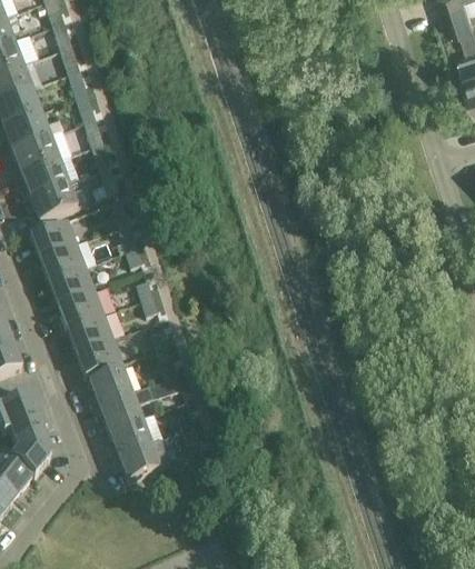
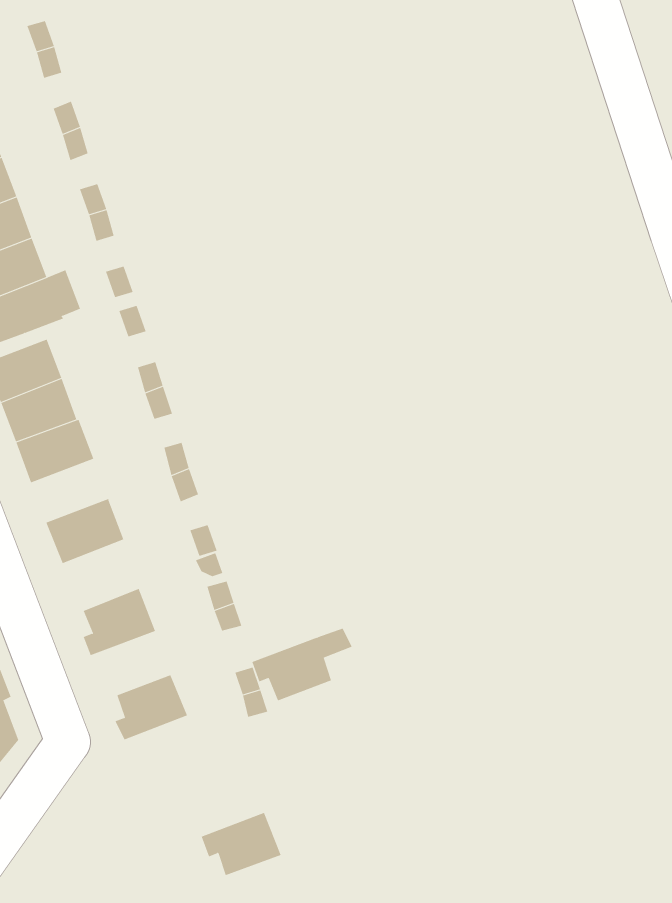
building: [58,287,105,325] -> none
building: [77,335,122,372] -> none
building: [93,383,154,427] -> [251,628,352,701]
building: [113,439,161,477] -> [201,812,281,876]

